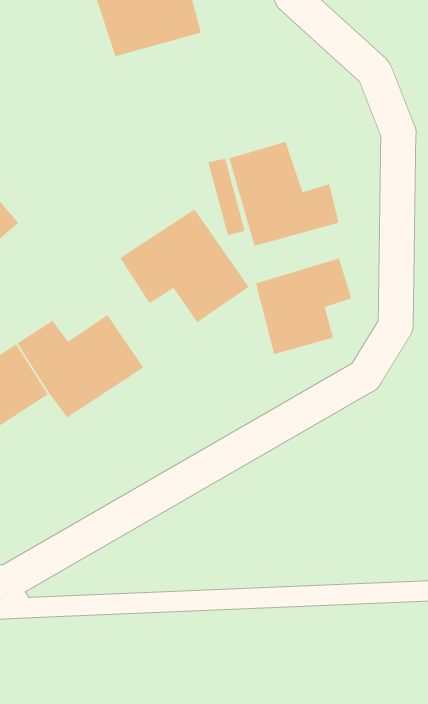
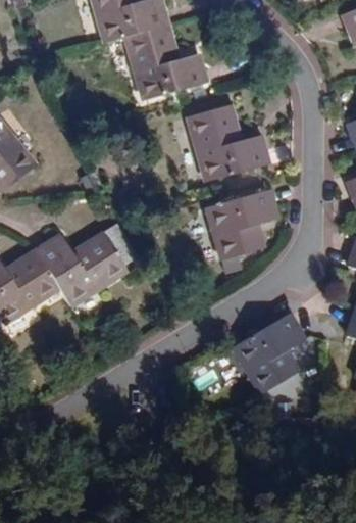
building: none -> [124,26,208,100]
building: [120,208,250,323] -> none
building: none -> [233,315,306,395]

